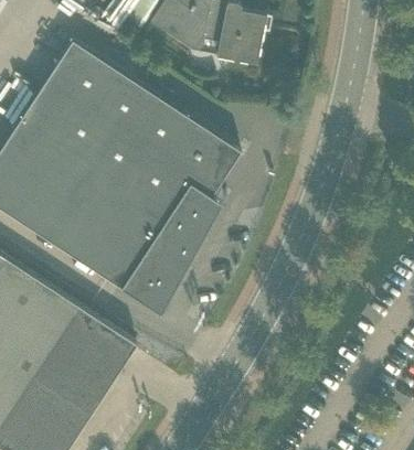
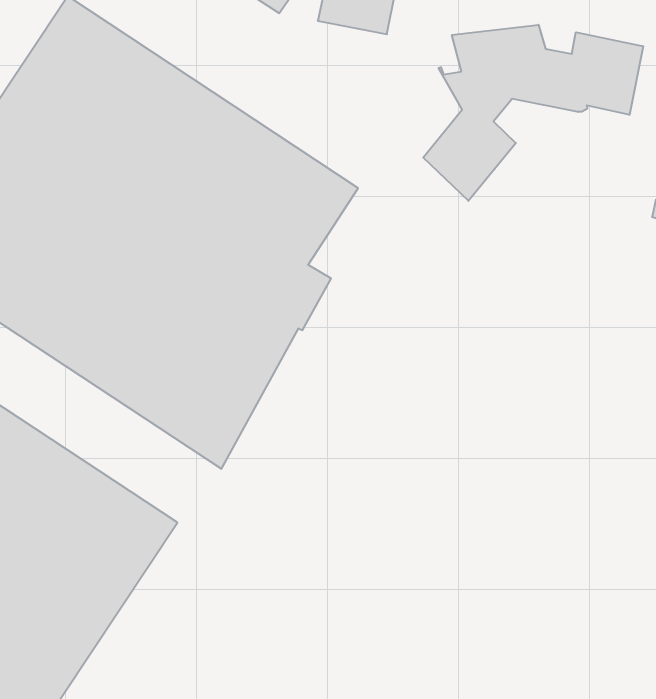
building: none -> [423,25,643,201]

